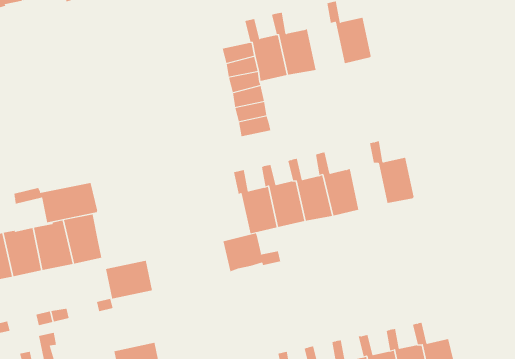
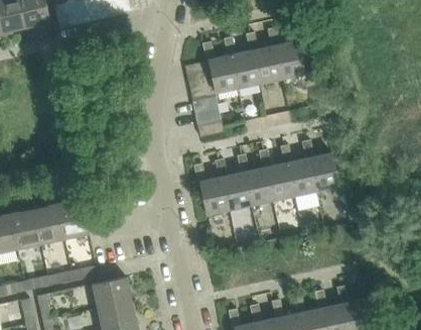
building: none -> [246,32,282,84]
building: none -> [280,145,316,196]
building: [14,182,98,223] -> none
building: [223,233,281,272] -> none
building: [105,260,153,299] -> [93,278,131,309]

